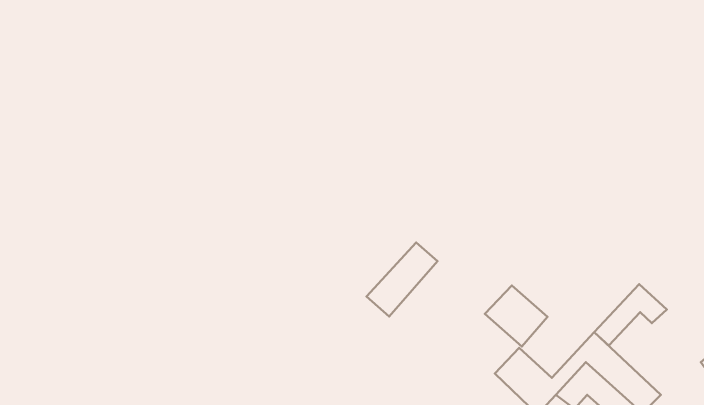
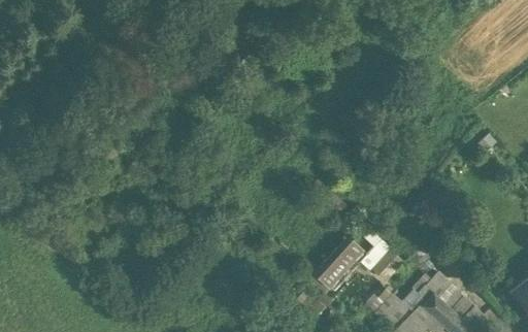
building: [367,243,438,316] -> [312,237,364,291]
building: [594,284,667,346] -> none

